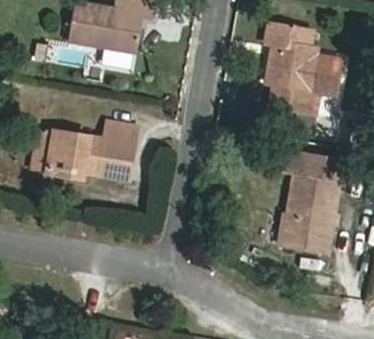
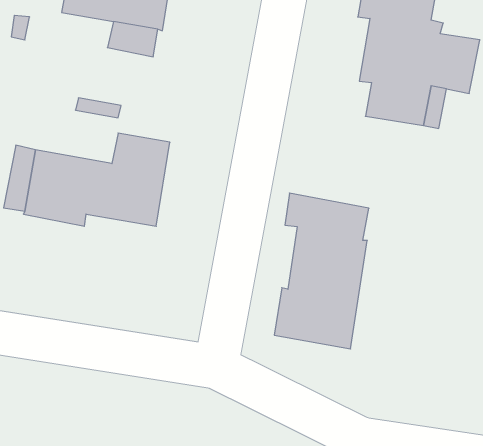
building: [278,151,341,253] -> [274,193,369,349]

